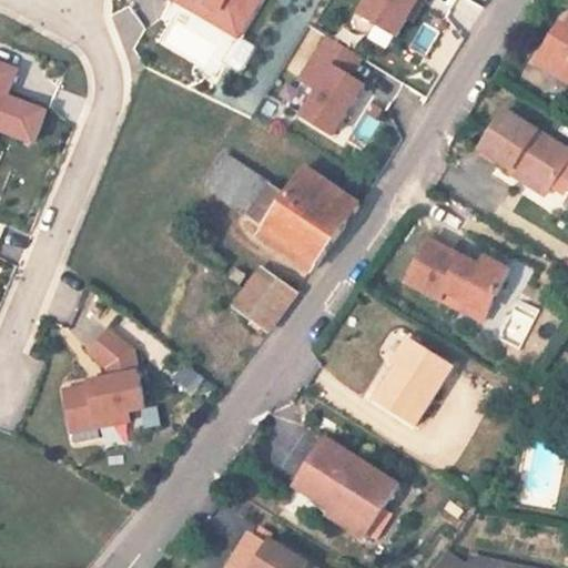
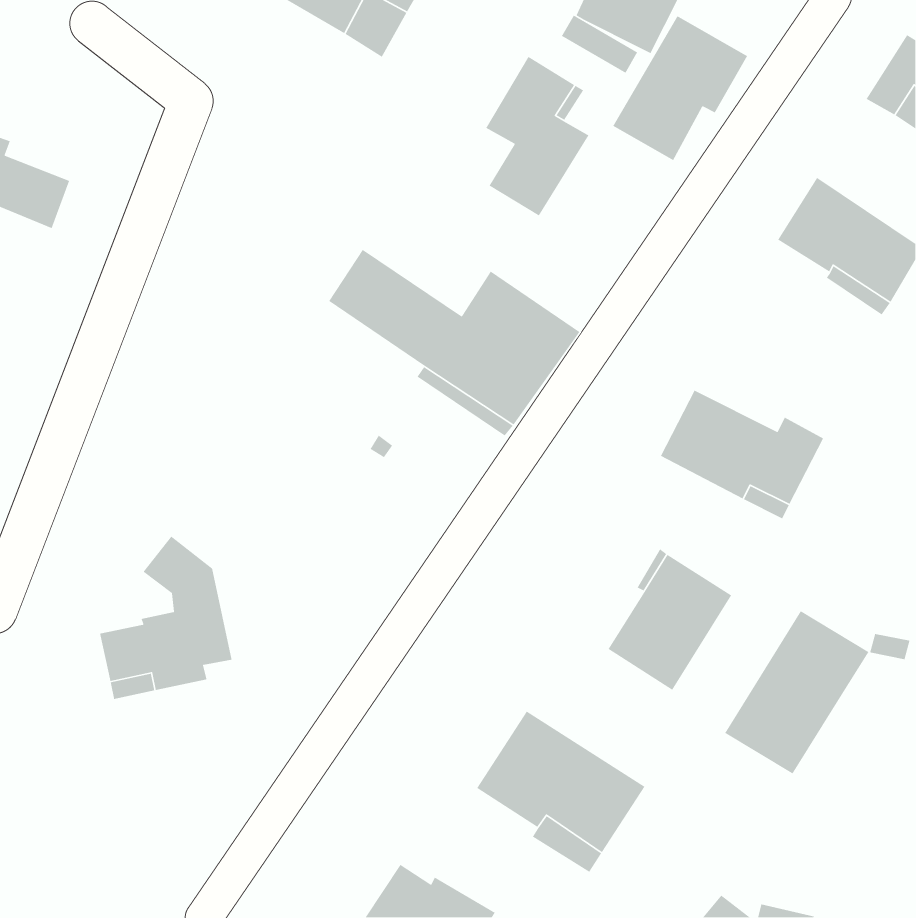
building: none -> [612,15,748,161]
building: [232,270,292,329] -> none
building: none -> [724,610,869,775]

